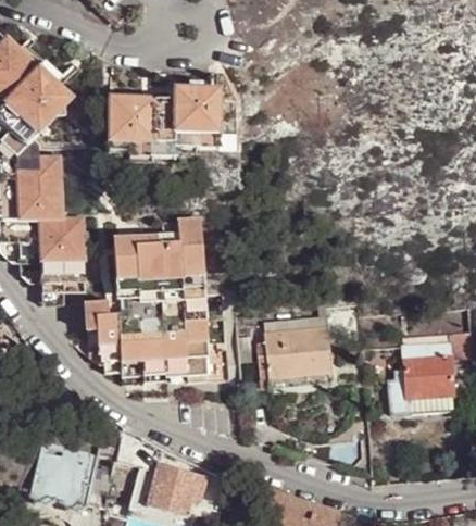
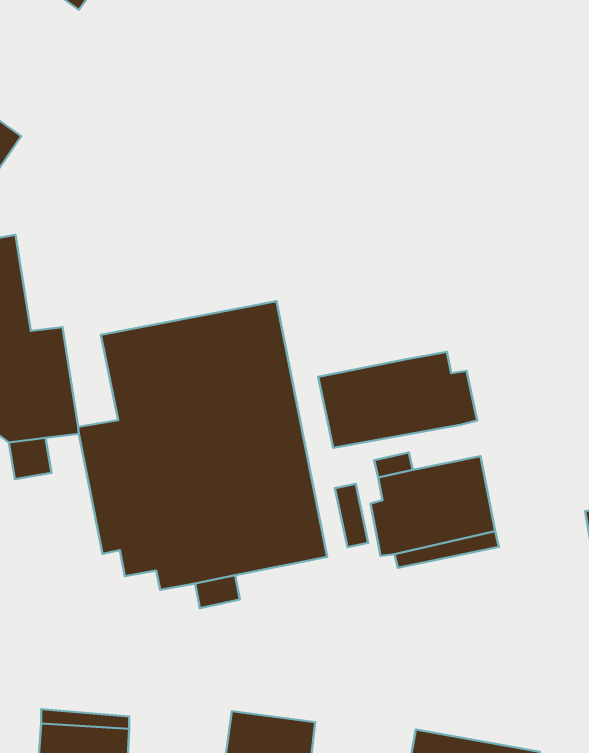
building: [109,83,222,155] -> none
building: none -> [318,352,477,448]

